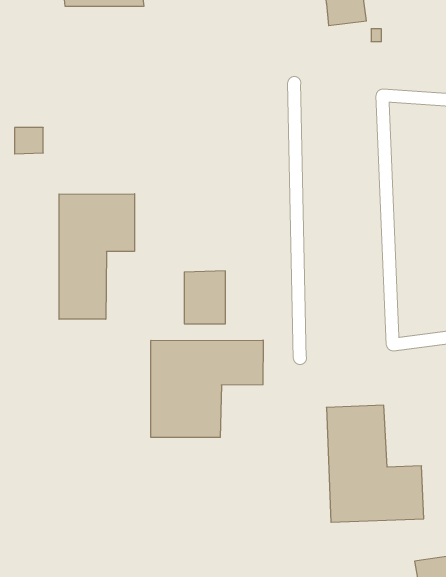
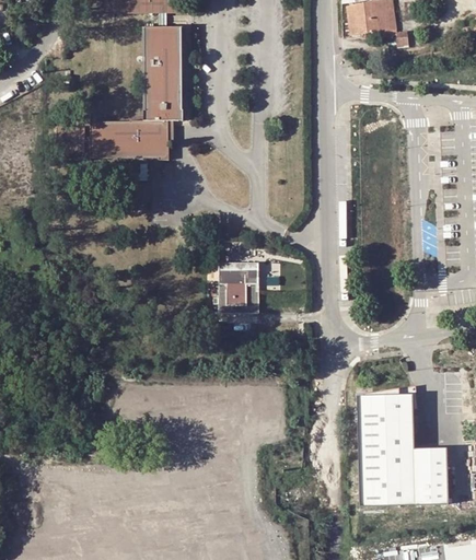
building: none -> [94,30,185,159]
building: [59,194,135,319] -> none
building: [151,340,263,437] -> none

